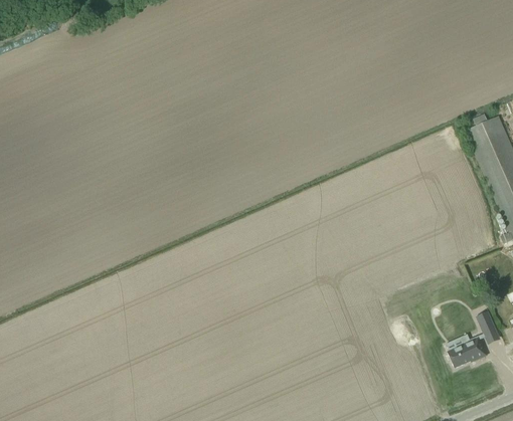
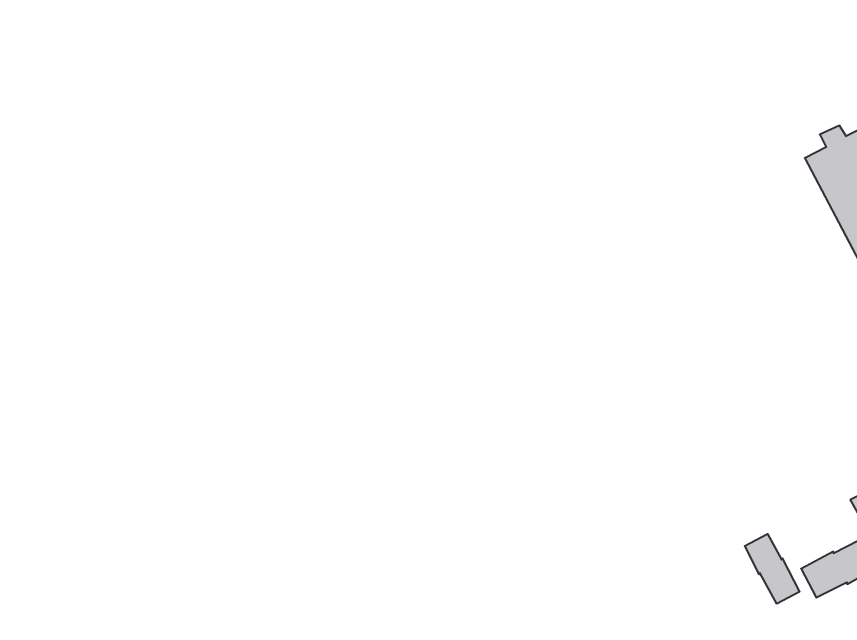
building: none -> [745,534,800,604]

